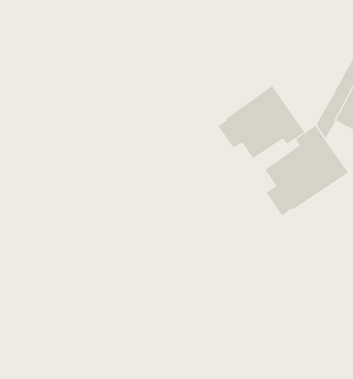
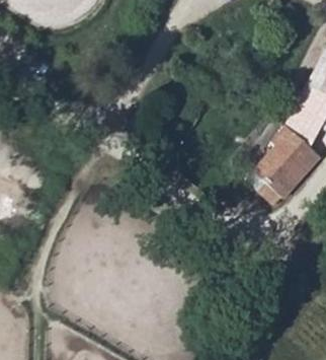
building: [217,85,305,159] -> none

